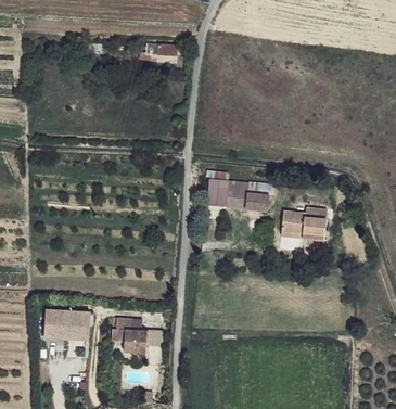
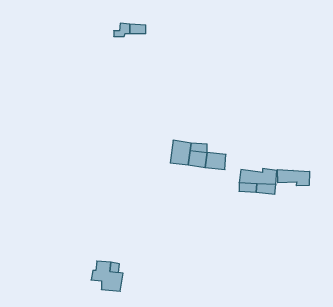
building: none -> [277,170,310,186]
building: [47,306,94,338] -> none

